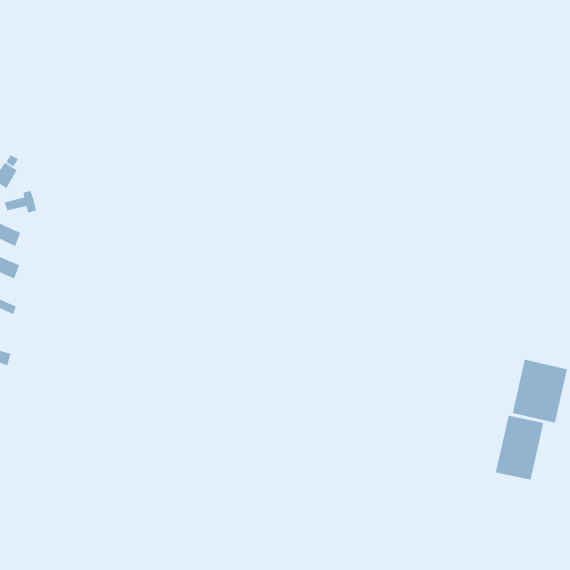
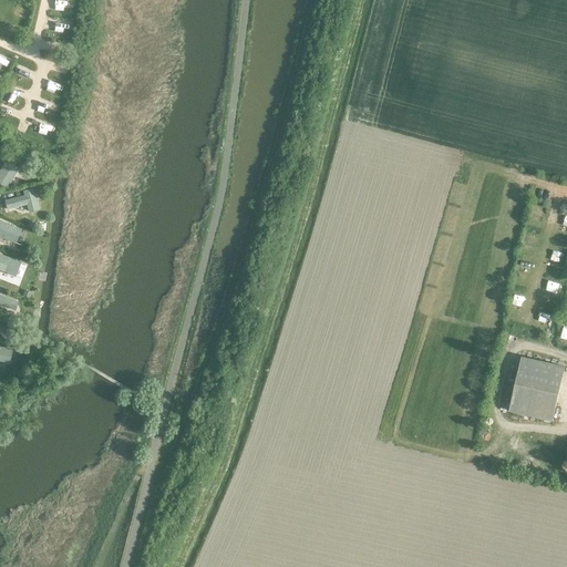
building: [495,415,544,481] -> none

